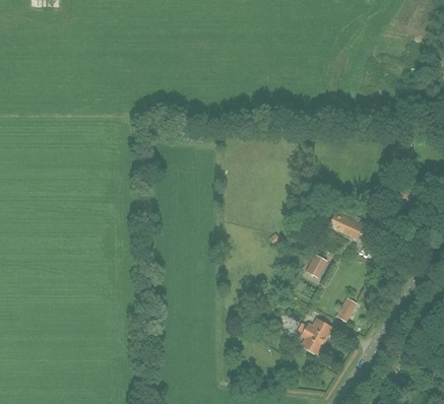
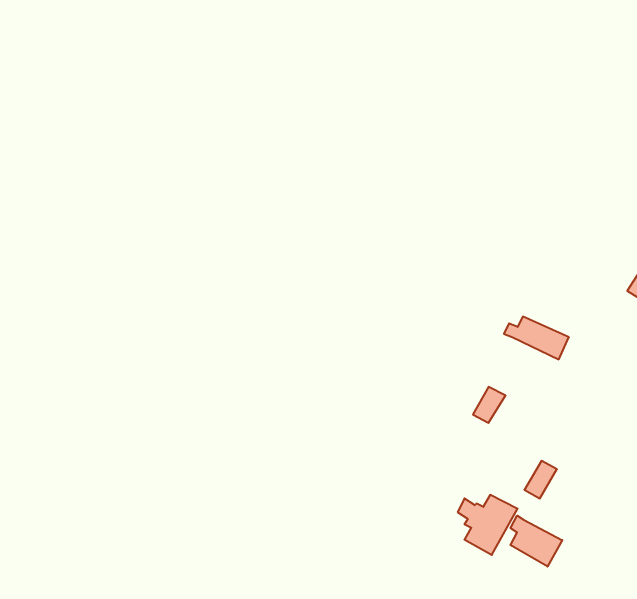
building: none -> [510,516,562,567]

